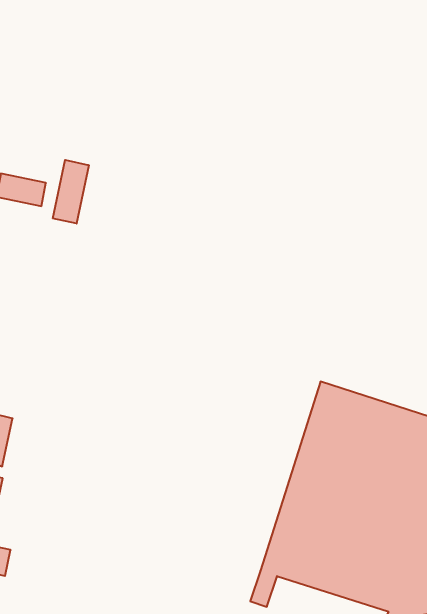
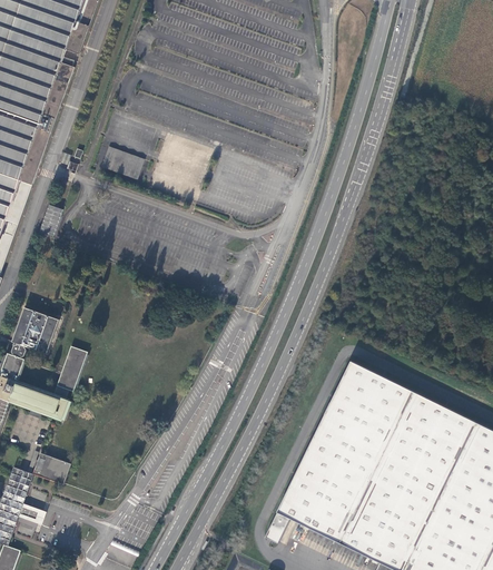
building: [53,160,89,224] -> none

